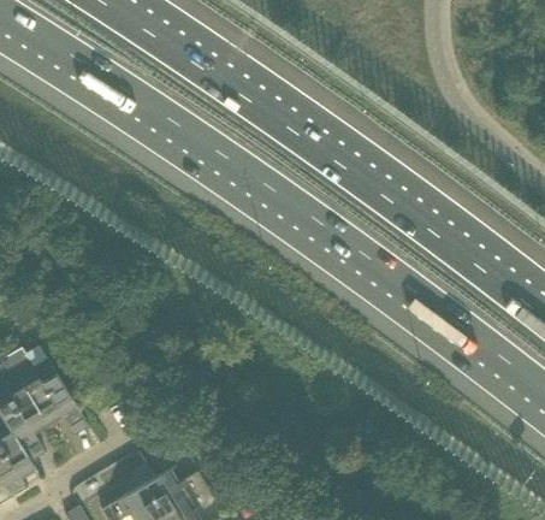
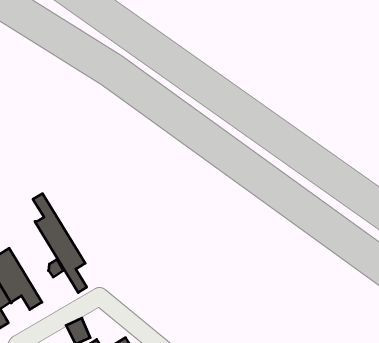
building: none -> [33,194,87,293]

